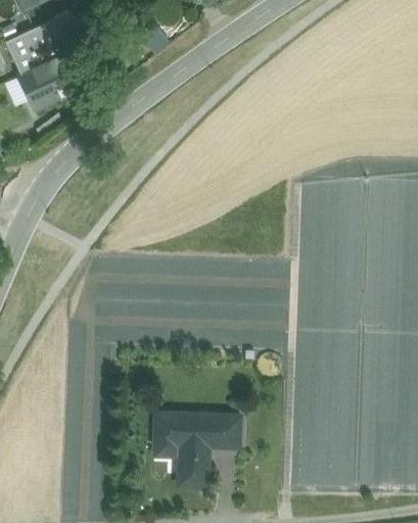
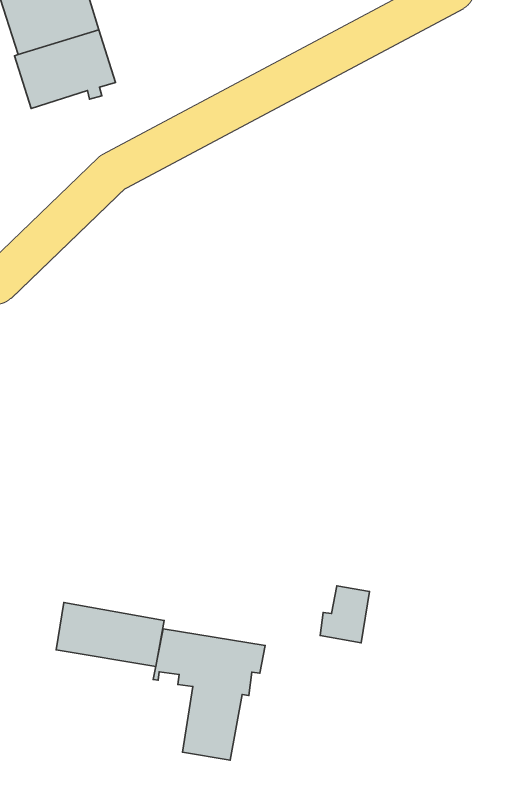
building: none -> [56,602,164,666]
building: [212,414,238,446] -> [320,586,370,643]

